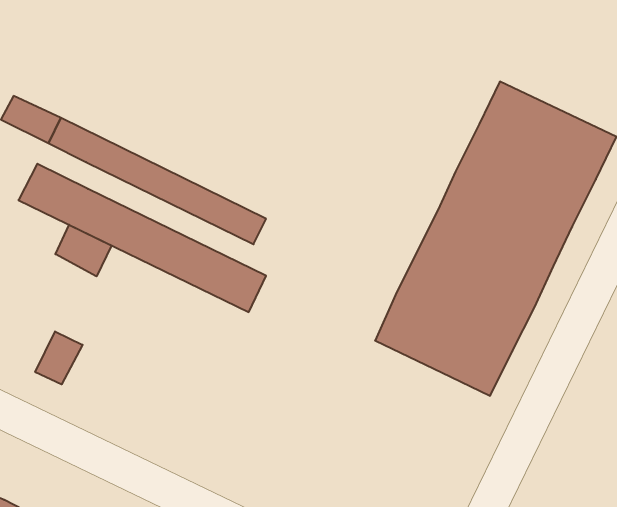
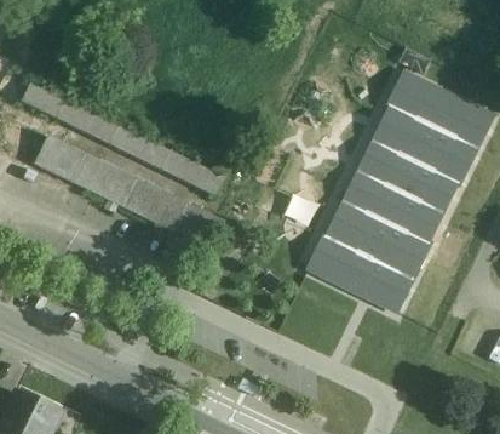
building: [55,225,112,276] -> none
building: [35,331,83,384] -> none

